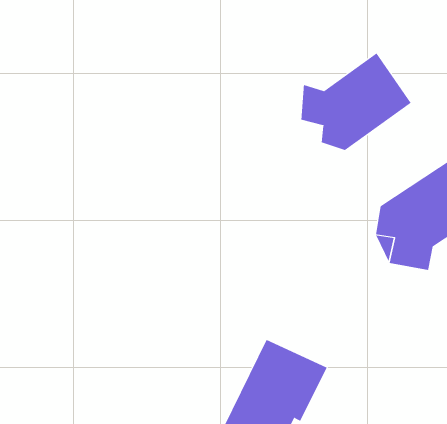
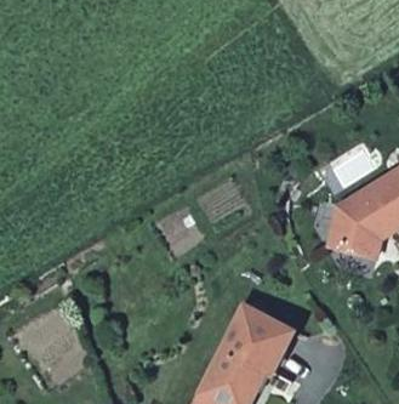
building: [301,53,411,151] -> none

